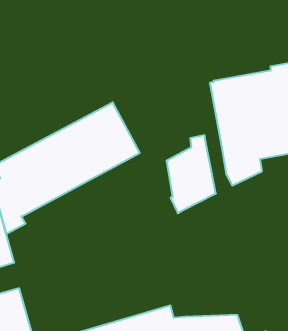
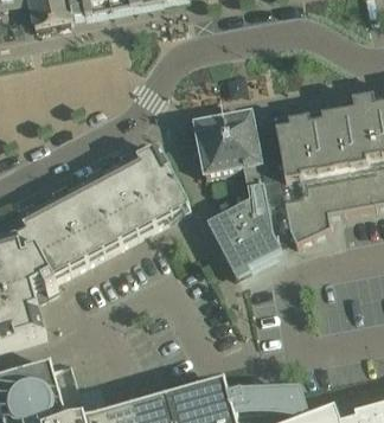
building: none -> [191,114,283,199]

